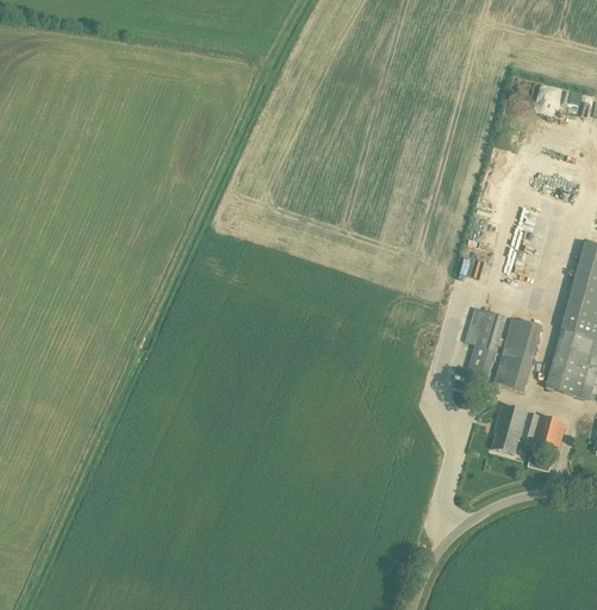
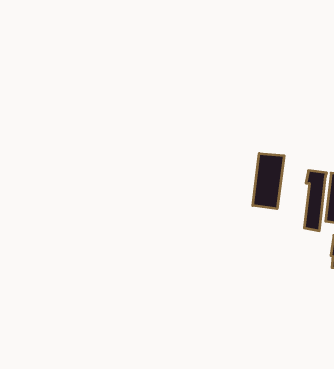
building: none -> [253,153,284,209]

